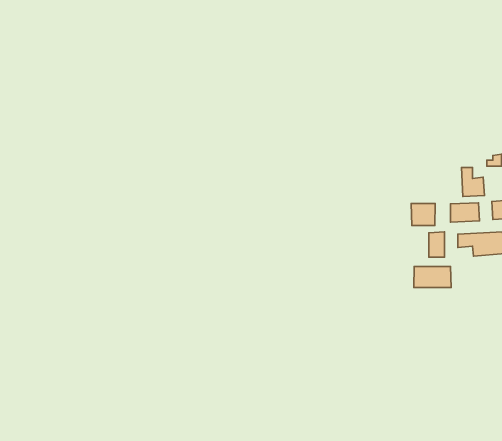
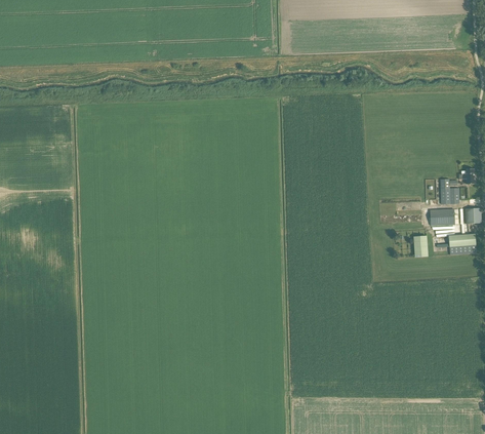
building: [411,203,435,225] -> none
building: [414,267,451,287] -> none

